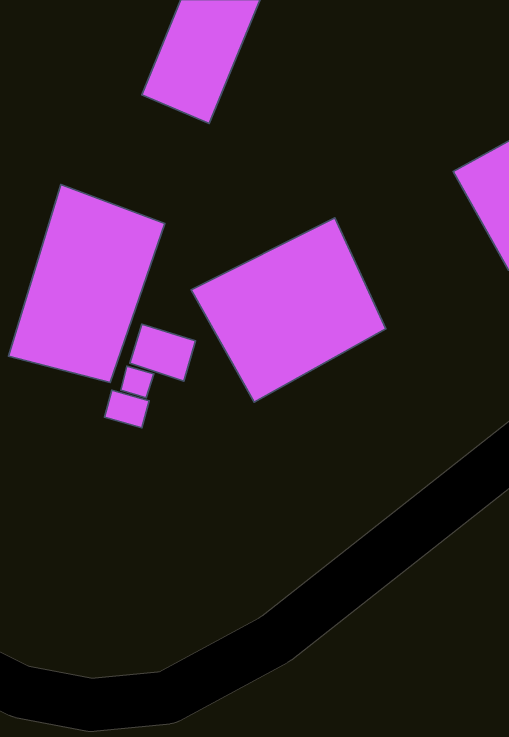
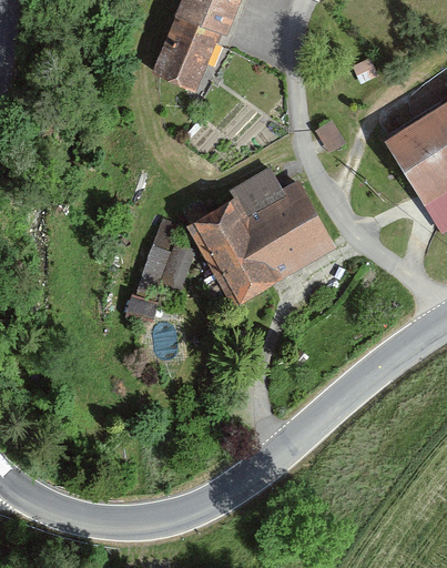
building: [9,185,165,382] -> none

